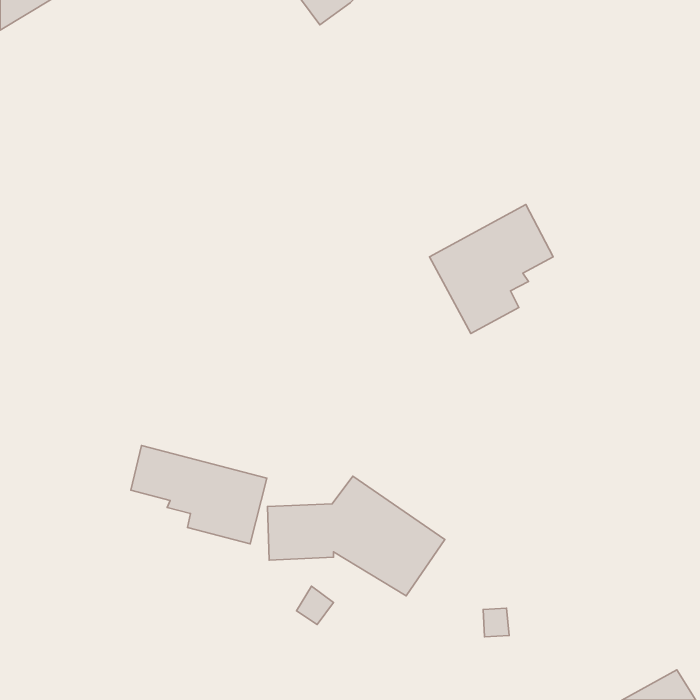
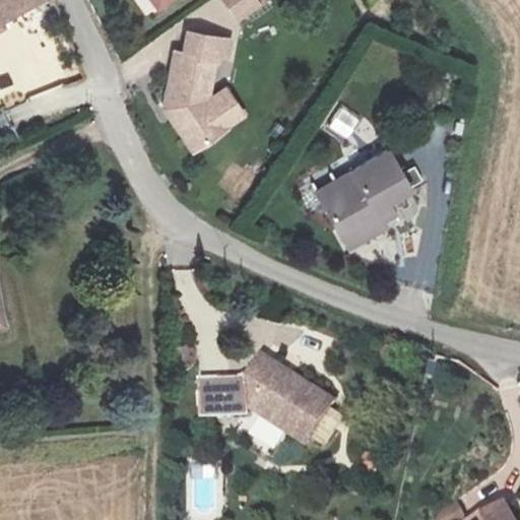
building: none -> [166,34,247,150]
building: [131,446,267,544] -> none

